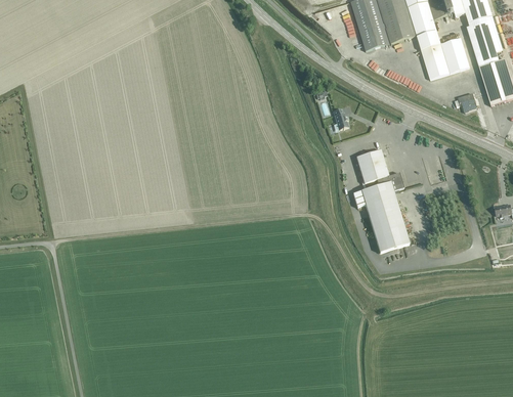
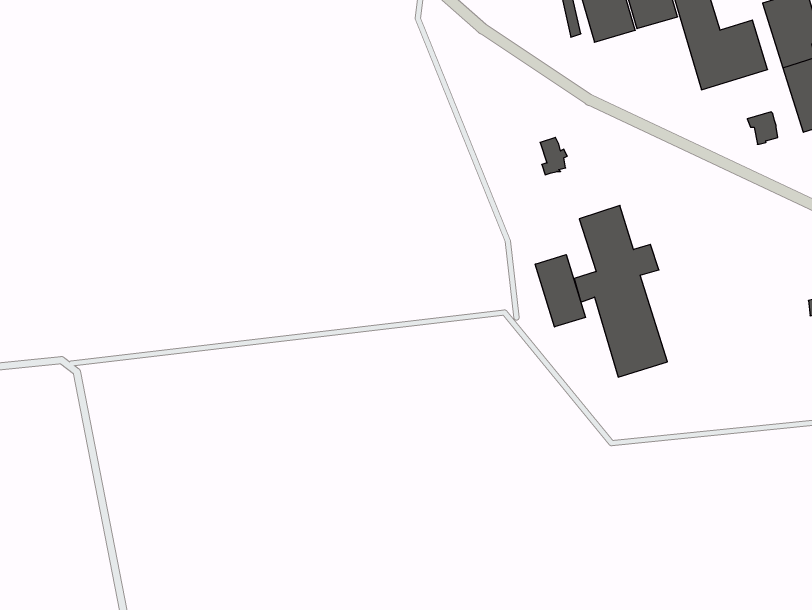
building: none -> [535,255,586,327]

